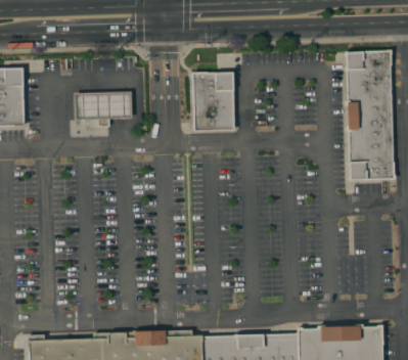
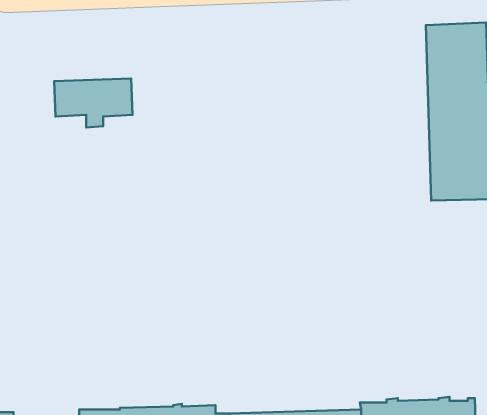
building: [190,73,233,132] -> none

